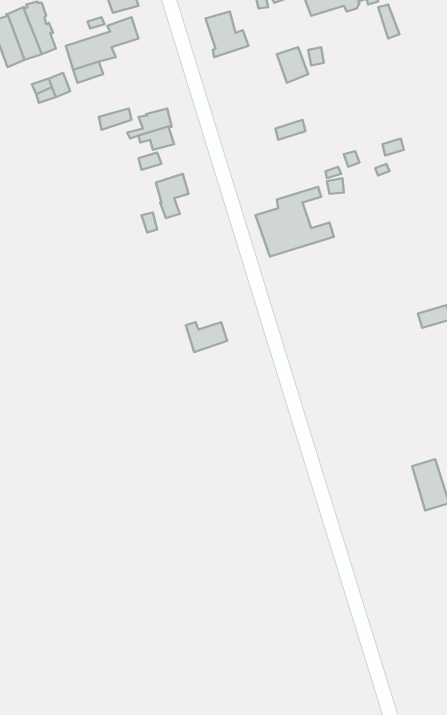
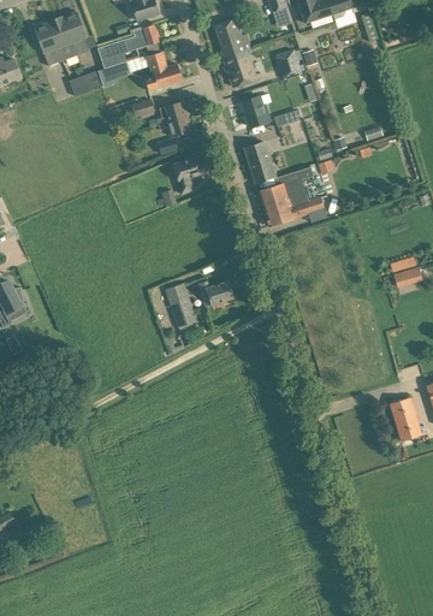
building: none -> [223,48,260,87]
building: none -> [144,52,183,90]
building: none -> [242,96,269,128]
building: none -> [244,142,275,183]
building: none -> [166,284,196,327]

